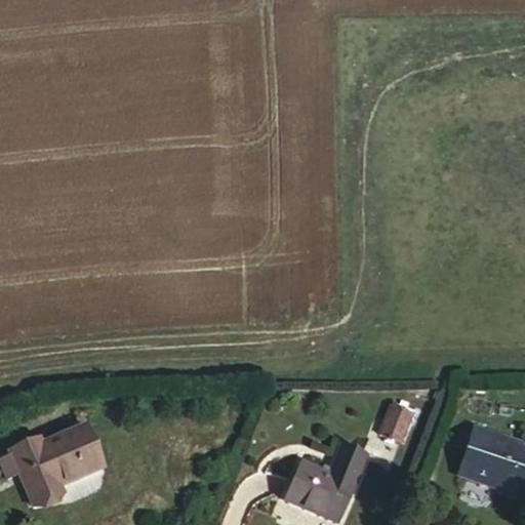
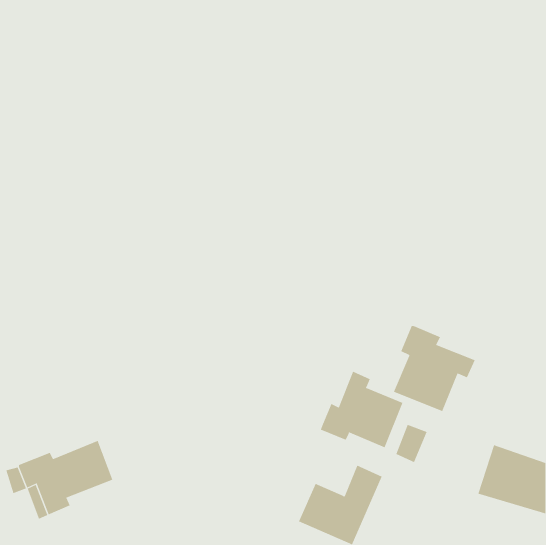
building: none -> [393,325,476,412]
building: none -> [321,371,403,448]

